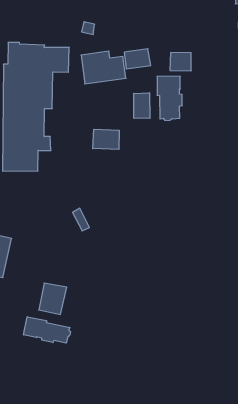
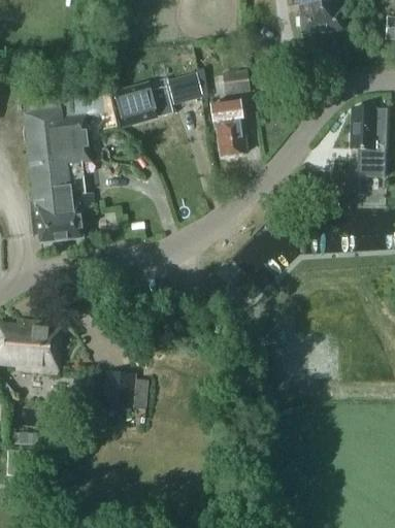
building: [134,93,150,118] -> none
building: [93,129,119,149] -> none
building: [24,317,71,343] -> none

